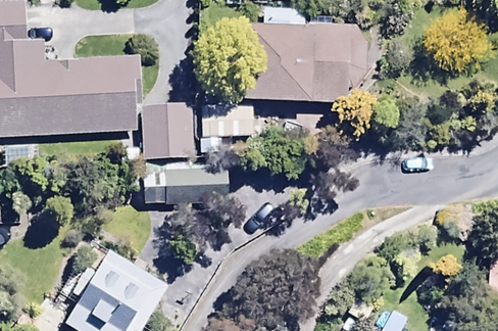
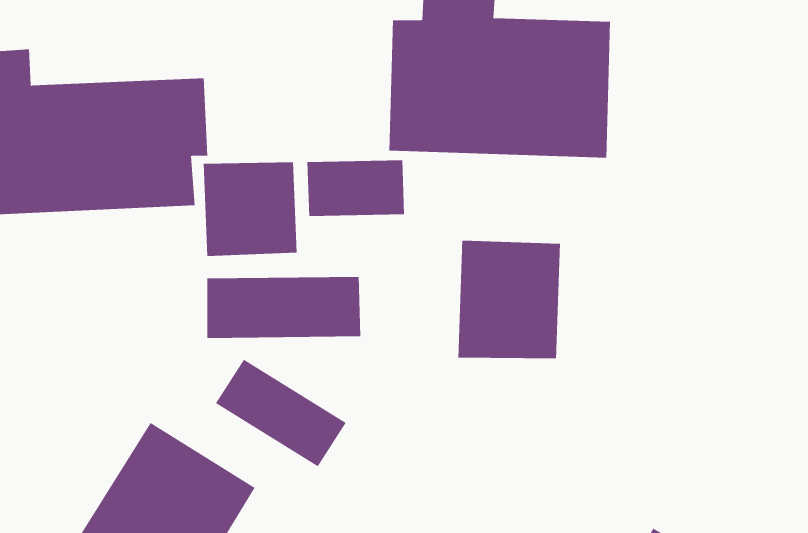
building: none -> [458,240,561,359]
building: none -> [215,359,347,467]

